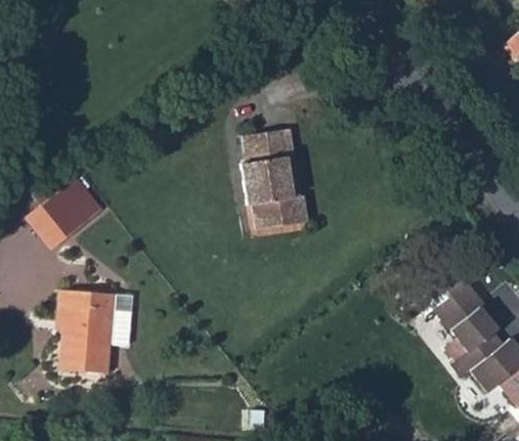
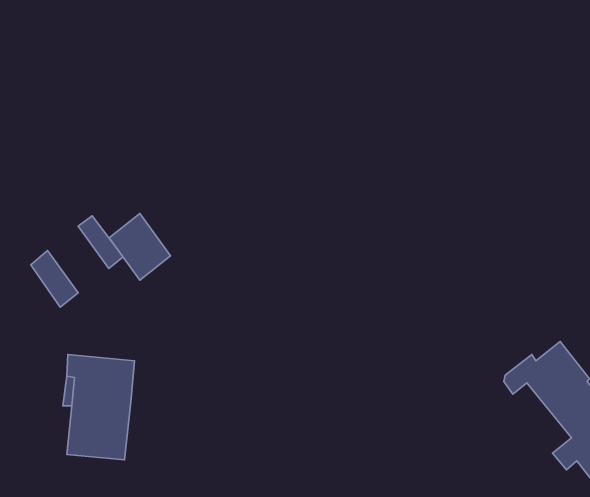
building: [244,128,306,226] -> none
building: [46,184,95,237] -> [109,213,171,280]

